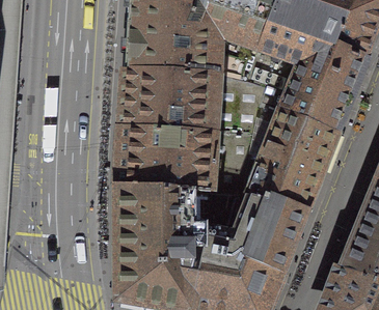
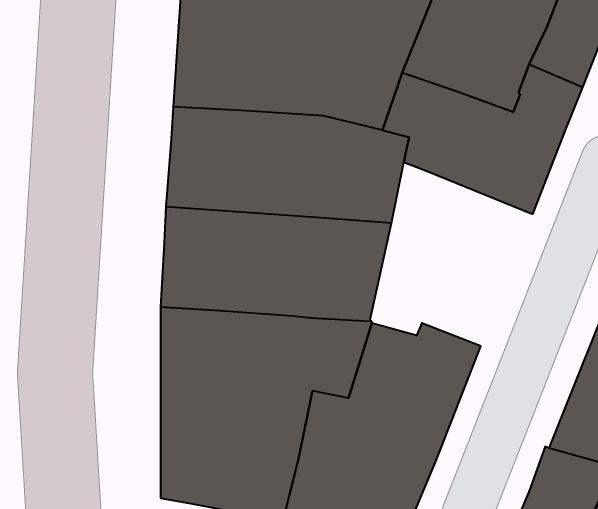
building: [238,96,332,203] -> none

